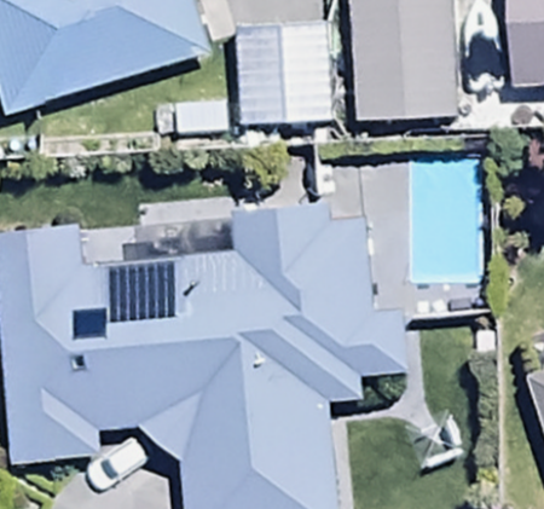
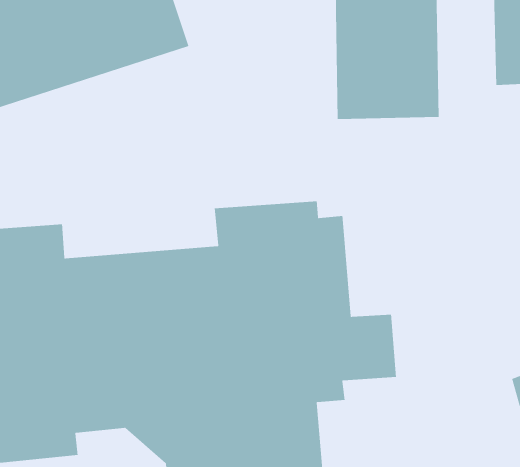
building: [236,18,336,125] -> none

